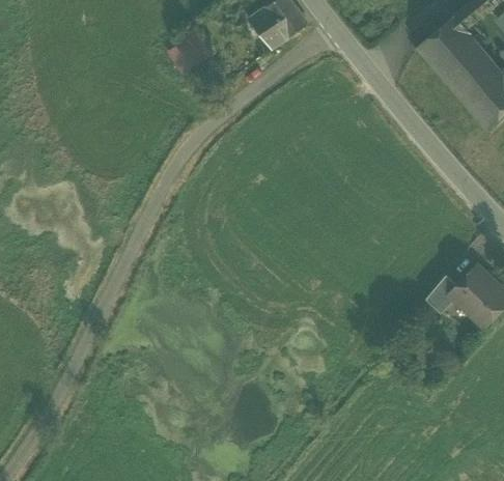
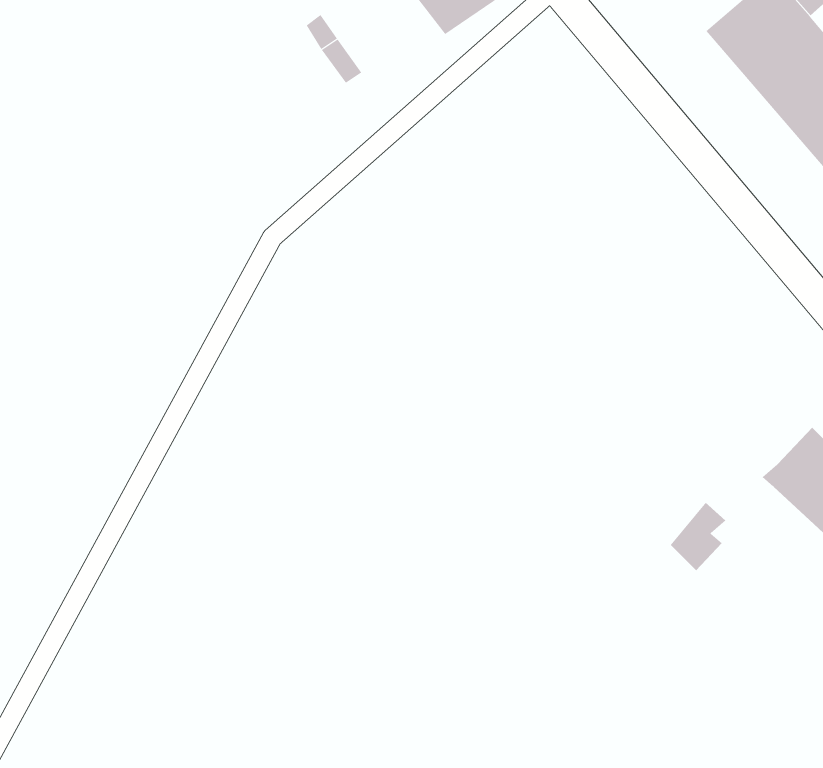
building: [426,276,457,314] -> [670,502,726,571]

